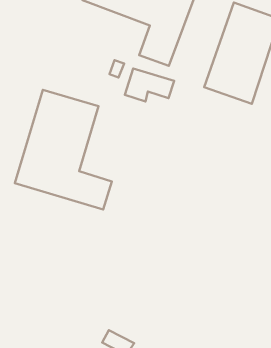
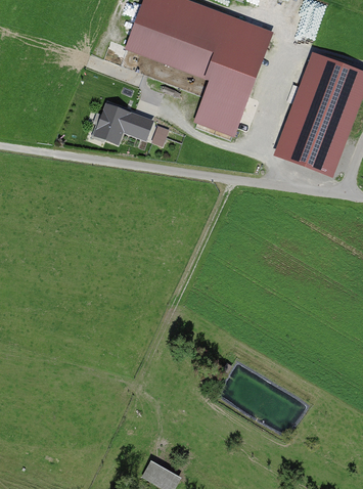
building: [125,69,174,101] -> [100,103,162,144]
building: [15,90,112,210] -> none

